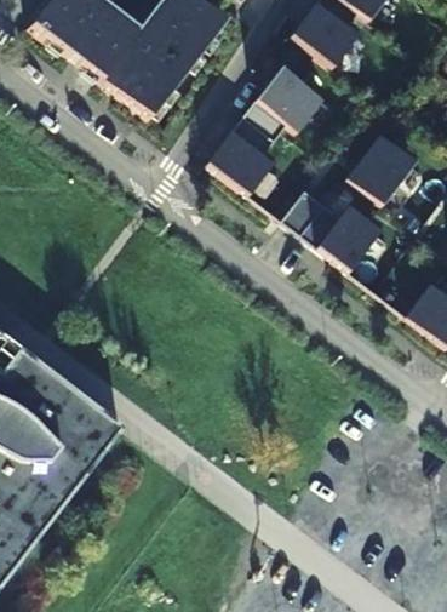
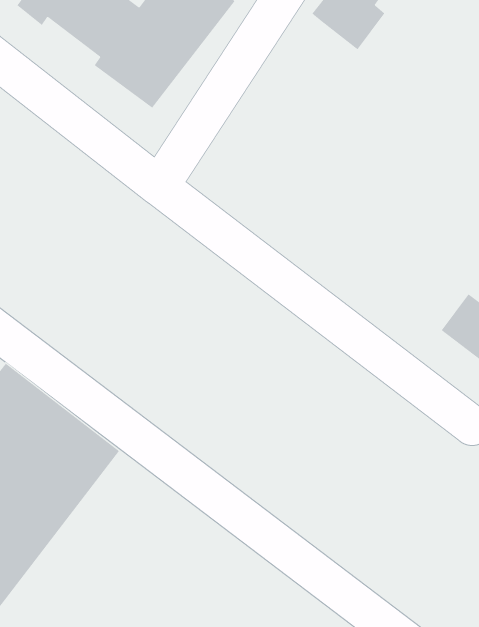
building: [208,67,323,194] -> none
building: [349,135,417,205] -> none
building: [283,188,382,271] -> none

